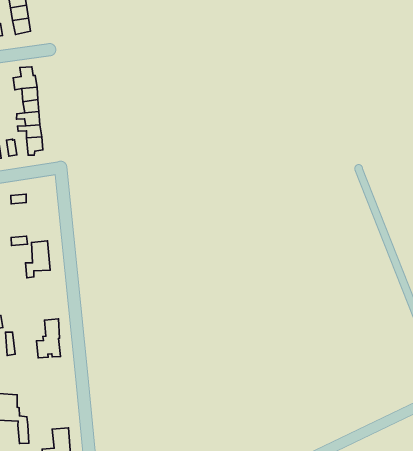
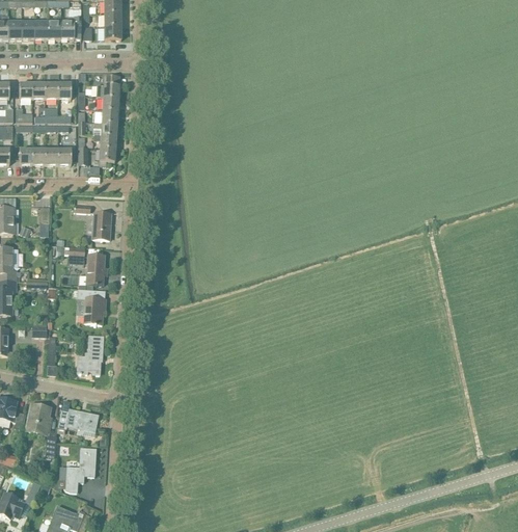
building: none -> [91,212,111,239]
building: none -> [76,289,106,323]
building: none -> [57,407,98,433]

